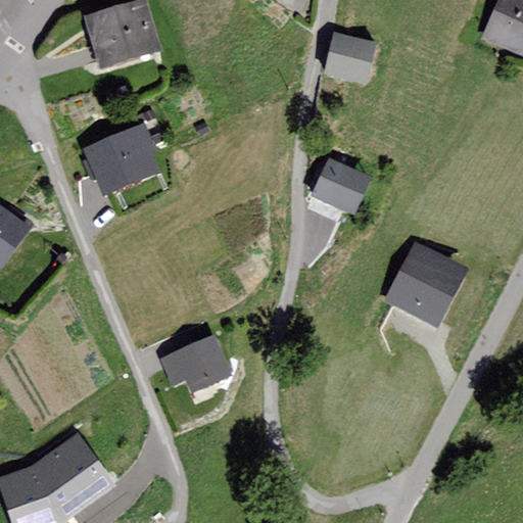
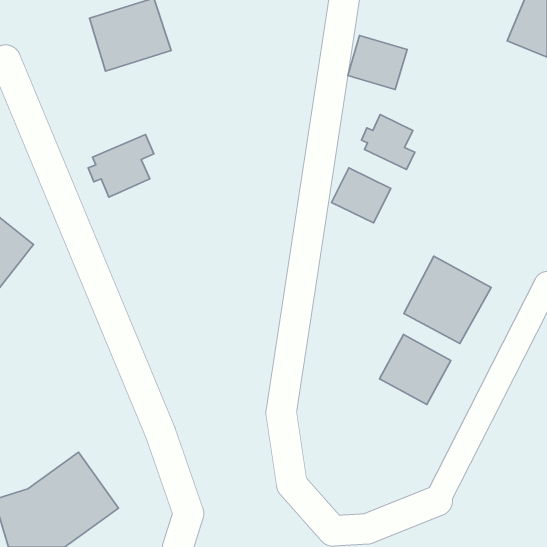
building: none -> [361,114,415,169]
building: none -> [380,335,451,405]
building: [161,333,234,389] -> none

